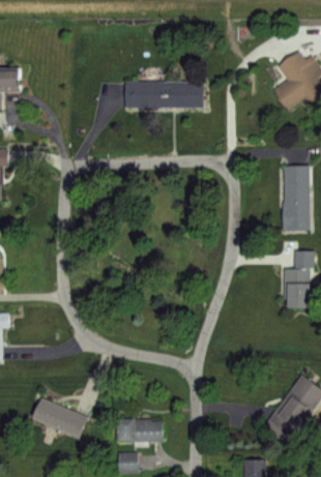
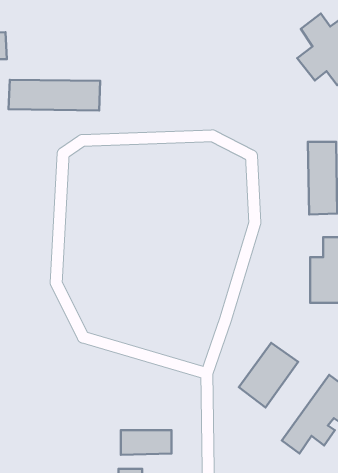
building: [122,82,203,109] -> [9,80,100,110]
building: none -> [239,343,298,407]
building: [32,396,87,437] -> none

